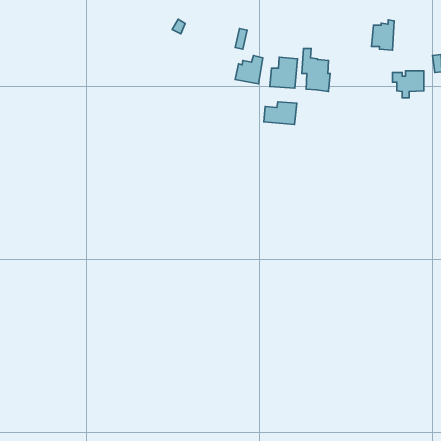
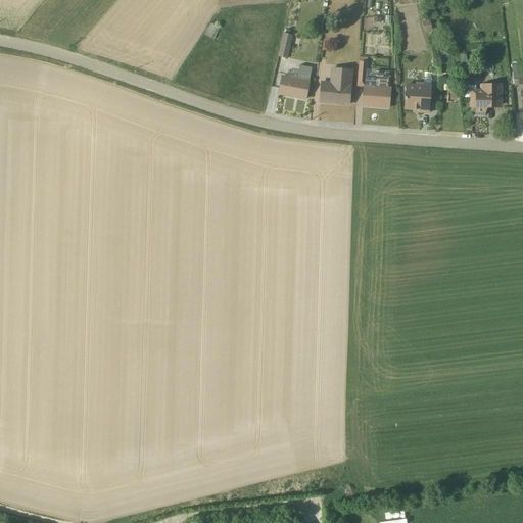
building: [372,20,394,50] -> [405,78,431,113]
building: [264,102,297,125] -> none

